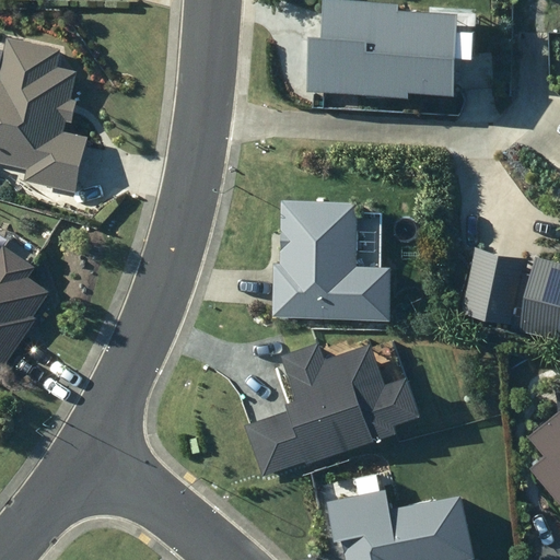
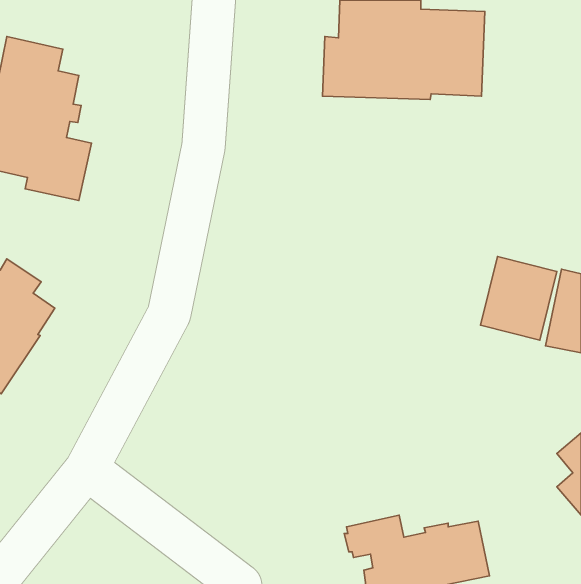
building: [271,199,393,322] -> none
building: [245,342,422,478] -> none

